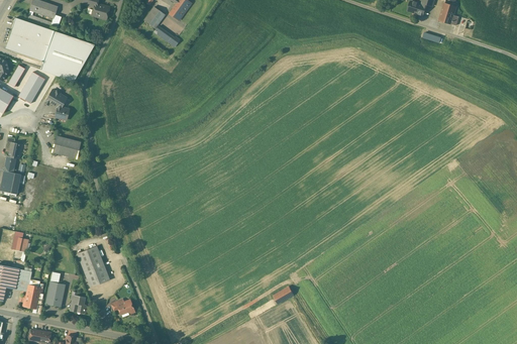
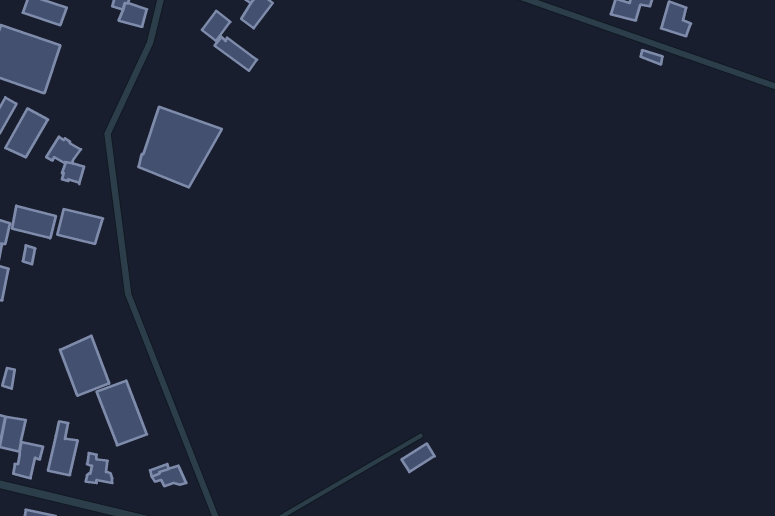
building: [40,30,94,82] -> [138,107,222,187]
building: none -> [12,206,56,238]
building: none -> [60,336,109,396]

